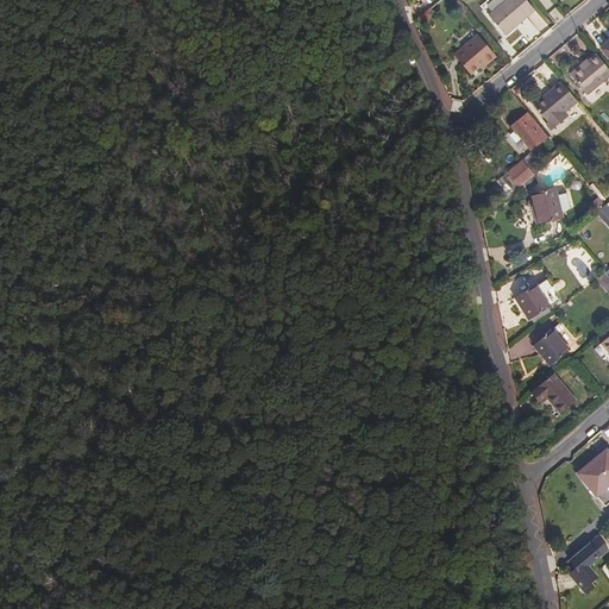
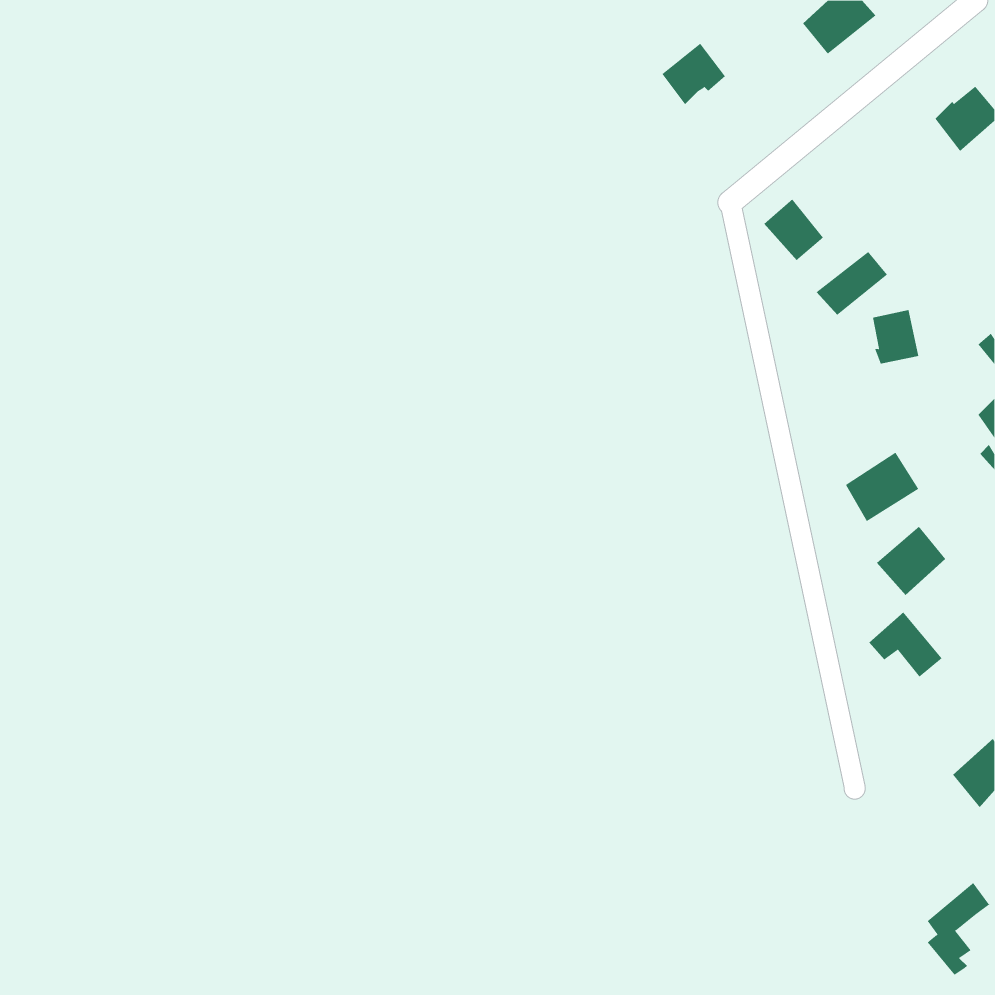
building: [456,33,495,71] -> [662,43,726,105]
building: [534,82,578,124] -> none
building: [511,111,548,149] -> [763,198,824,261]

